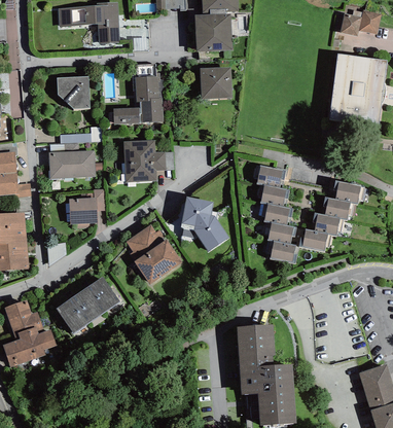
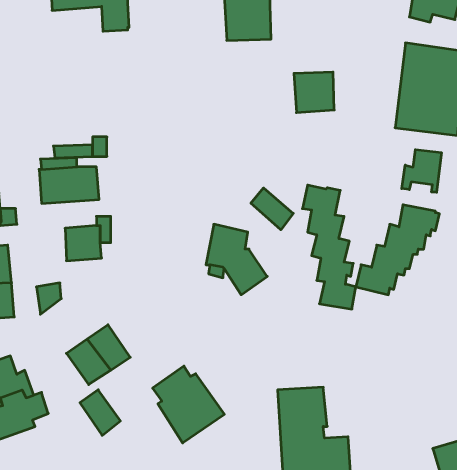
building: [113,63,163,123] -> none
building: [200,67,231,99] -> [294,72,334,113]
building: [57,76,90,108] -> none
building: none -> [402,150,441,192]
building: [123,140,166,182] -> none
building: none -> [251,188,293,230]
building: [126,223,182,284] -> [153,366,224,443]
building: [56,297,87,333] -> [80,390,120,435]

